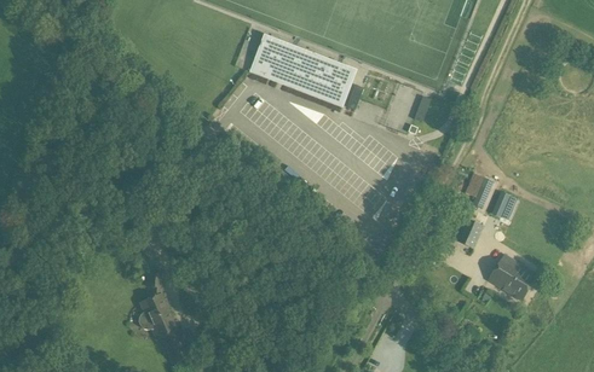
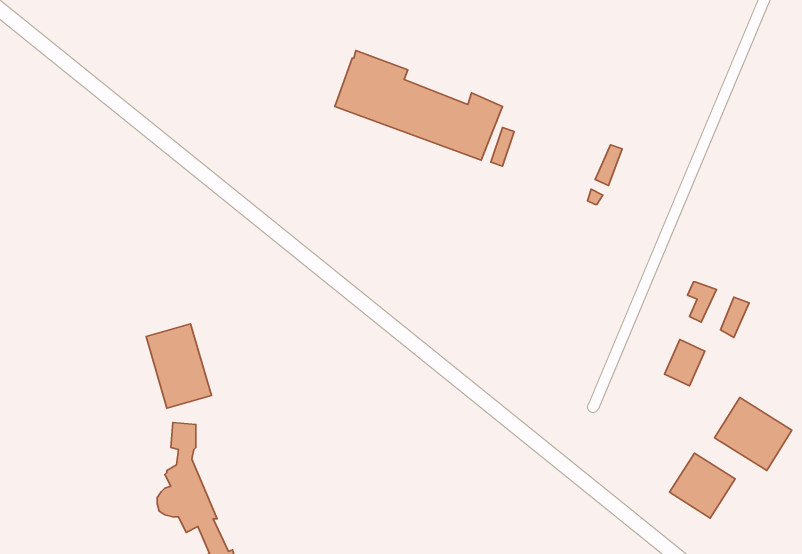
building: none -> [146,324,212,408]
building: none -> [670,453,735,518]

